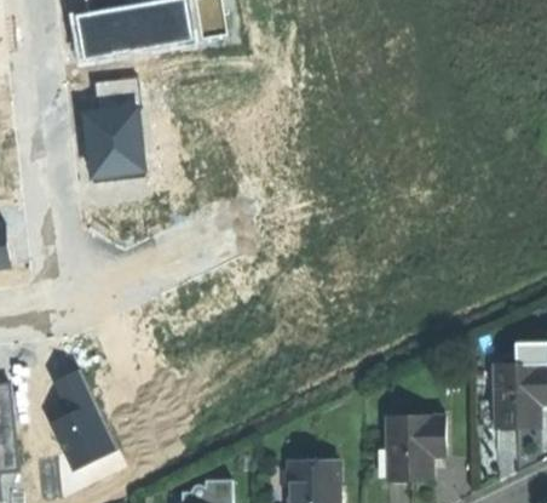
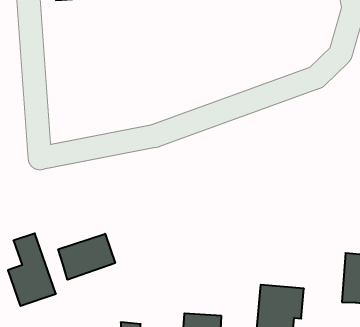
building: [81,79,146,182] -> none
building: none -> [58,234,115,280]

